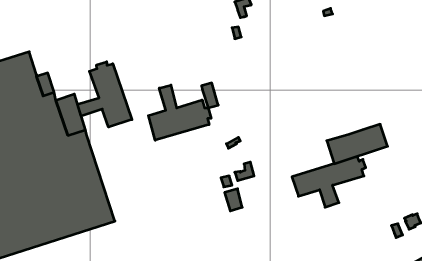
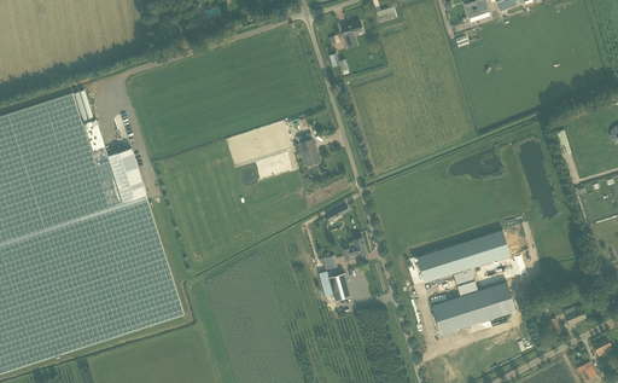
building: [78,62,132,127] -> none
building: [148,85,211,140] -> none
building: [327,124,388,164] -> [430,283,509,335]

